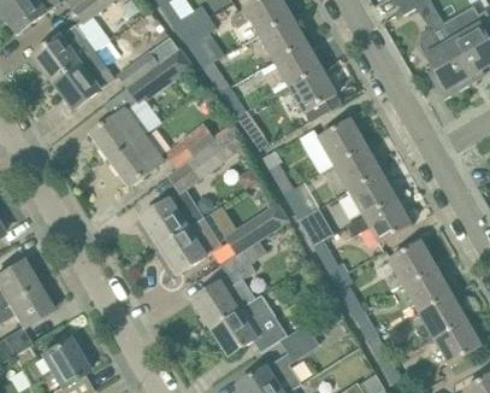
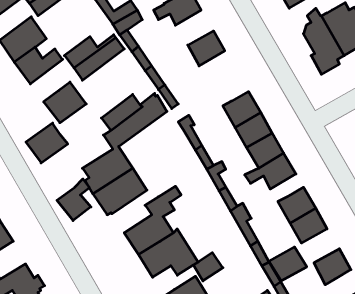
building: [258,14,306,59] -> none
building: [288,66,336,112] -> none
building: [111,134,164,184] -> [26,123,68,163]
building: [226,203,288,252] -> none
building: none -> [57,179,91,221]
building: [418,293,466,336] -> [269,247,307,281]

